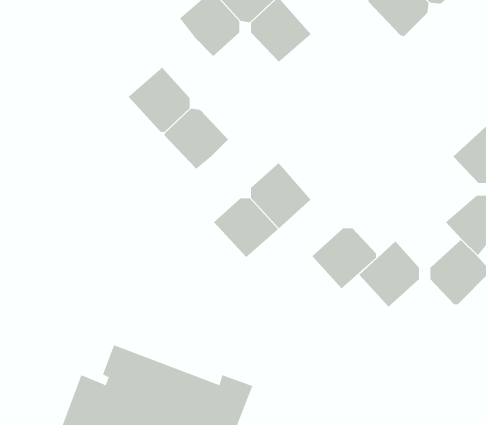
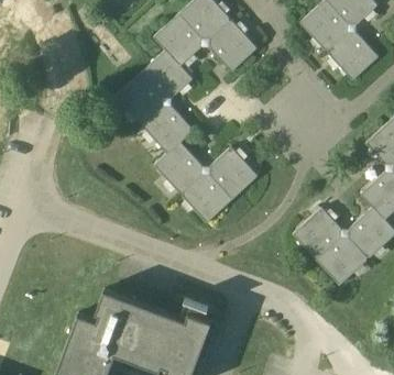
building: none -> [328,32,380,80]
building: none -> [142,51,194,98]
building: none -> [155,143,203,194]
building: [312,228,377,289] -> [317,238,368,285]

